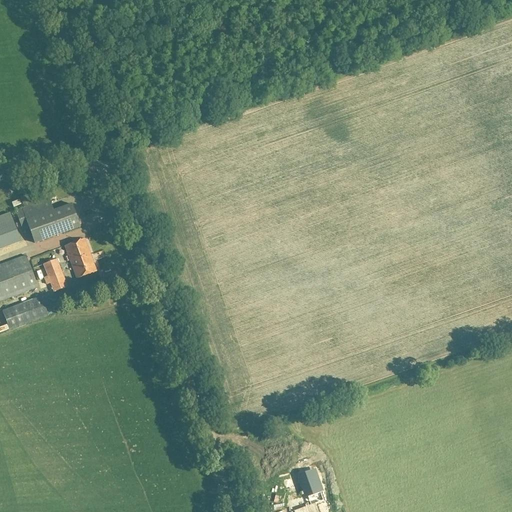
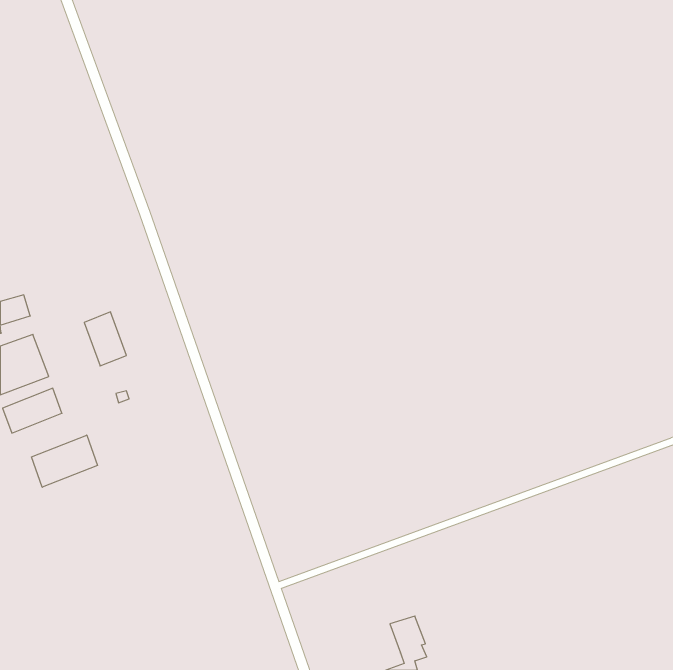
building: [15,197,80,242] -> none
building: [42,258,67,291] -> none
building: none -> [31,435,98,487]

